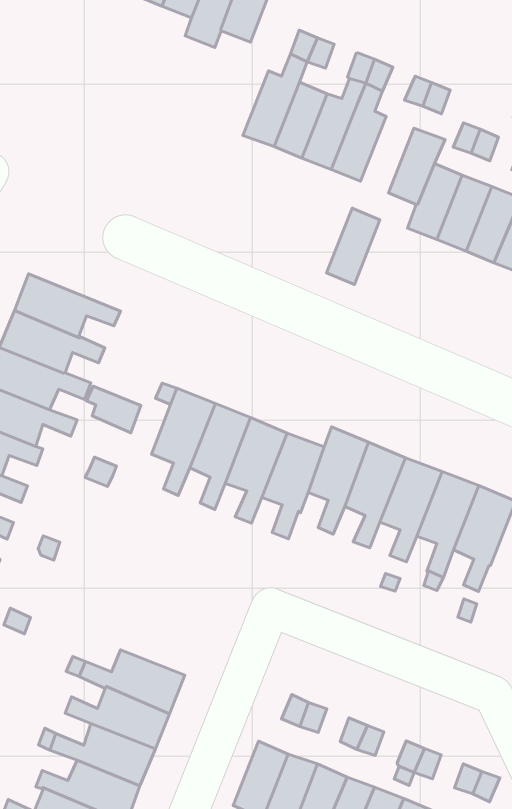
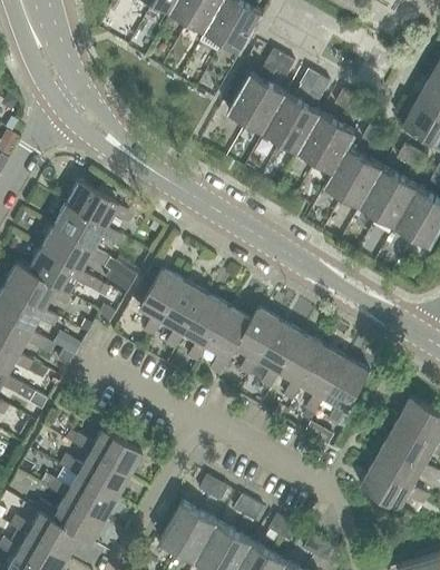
building: [327,208,380,284] -> [299,114,338,163]

